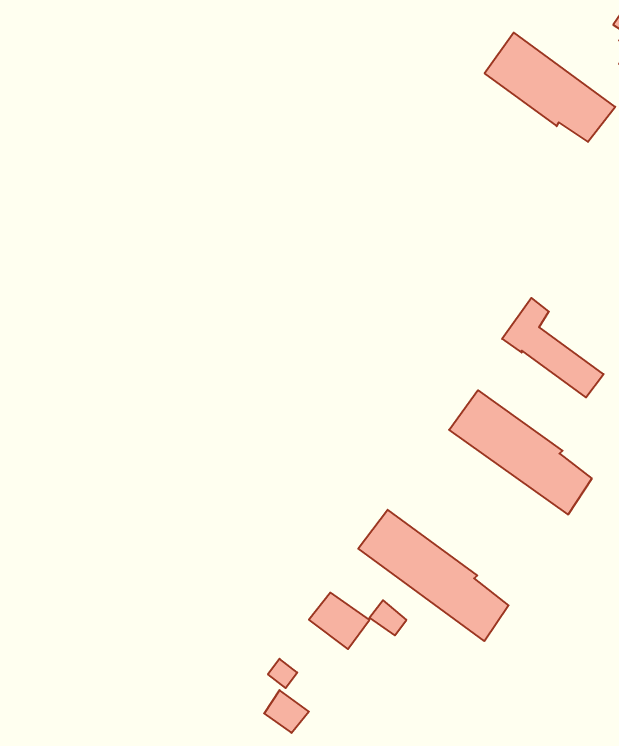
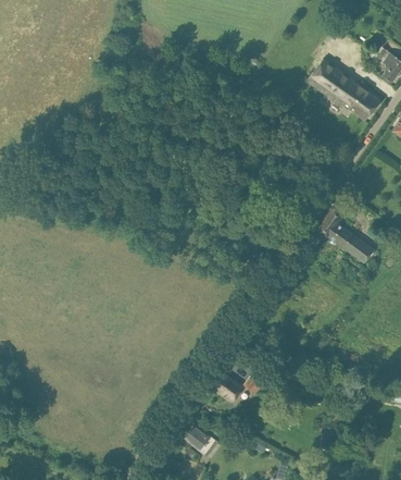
building: [449,390,592,515] -> none
building: [358,510,509,641] -> none

